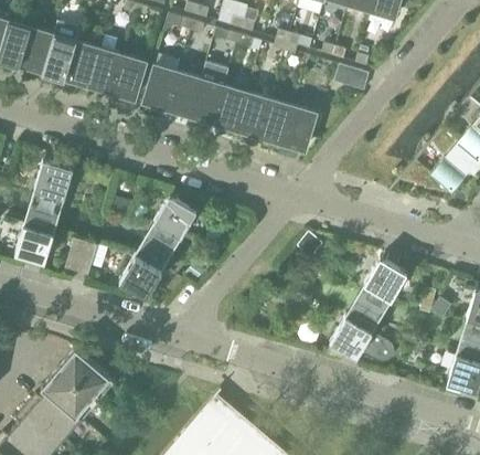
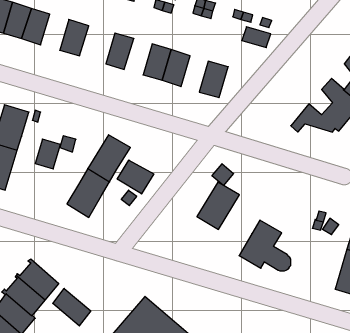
building: [87,50,121,94] -> none
building: [142,55,179,110] -> none
building: [189,63,228,124] -> none
building: [258,100,291,145] -> none
building: none -> [117,160,154,194]
building: [66,239,97,275] -> [35,139,61,169]
building: [354,258,406,316] -> [197,182,239,229]
building: none -> [53,288,91,326]

